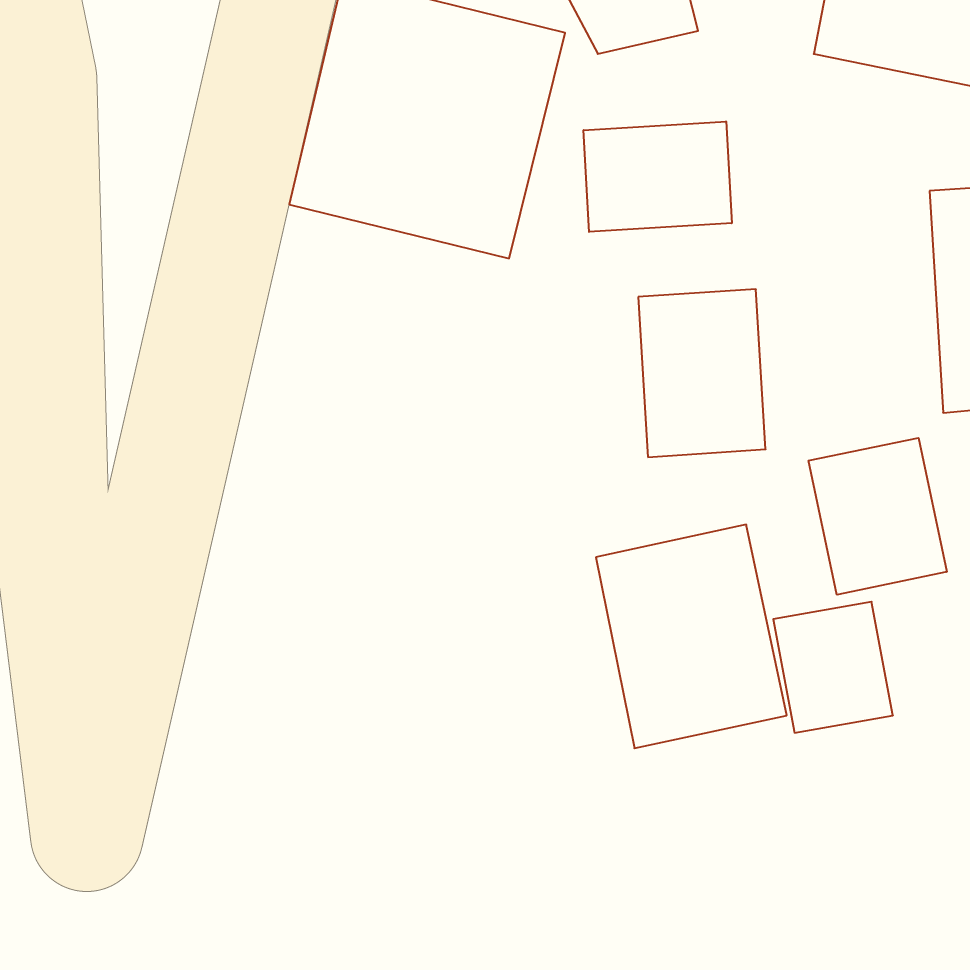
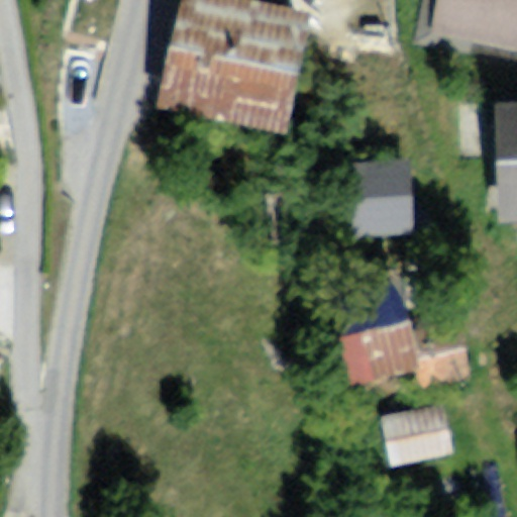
building: [584,121,732,232] -> none
building: [809,438,947,595] -> none
building: none -> [391,406,461,463]

